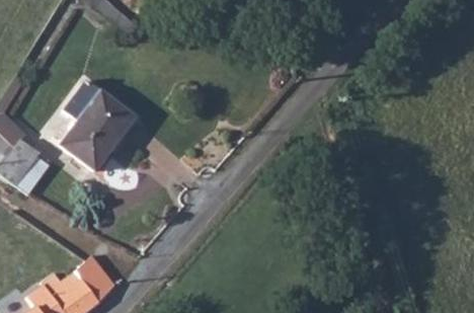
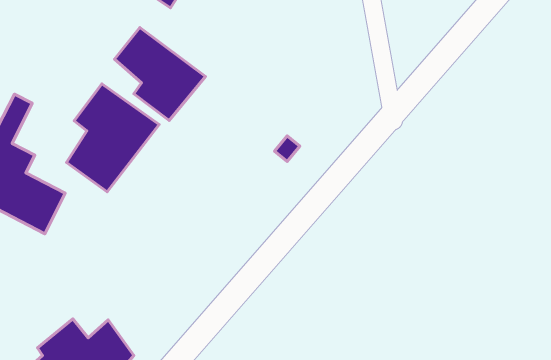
building: none -> [114,28,205,121]

